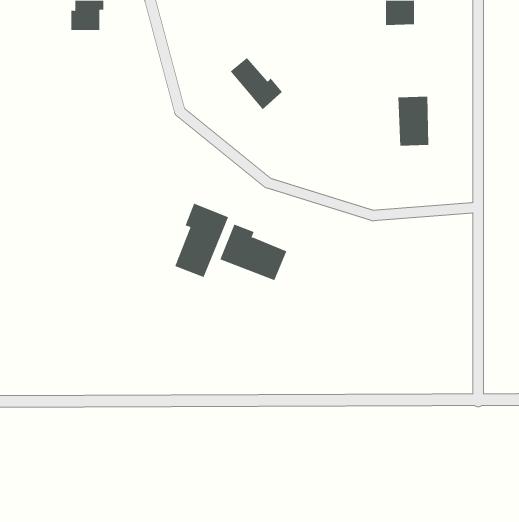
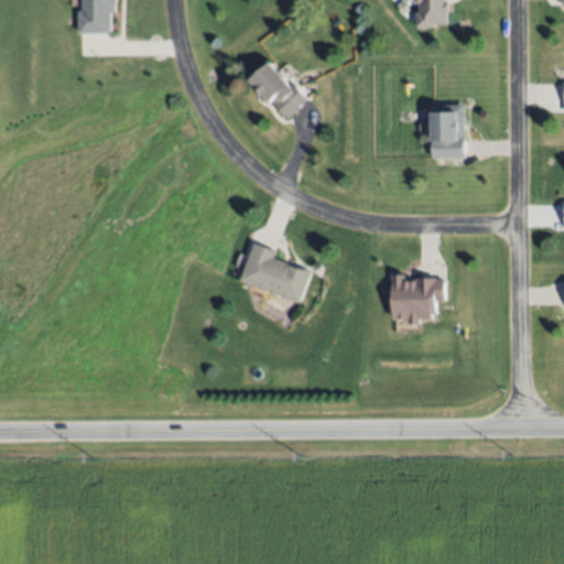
building: [175,203,229,278] -> none
building: none -> [391,272,444,325]

